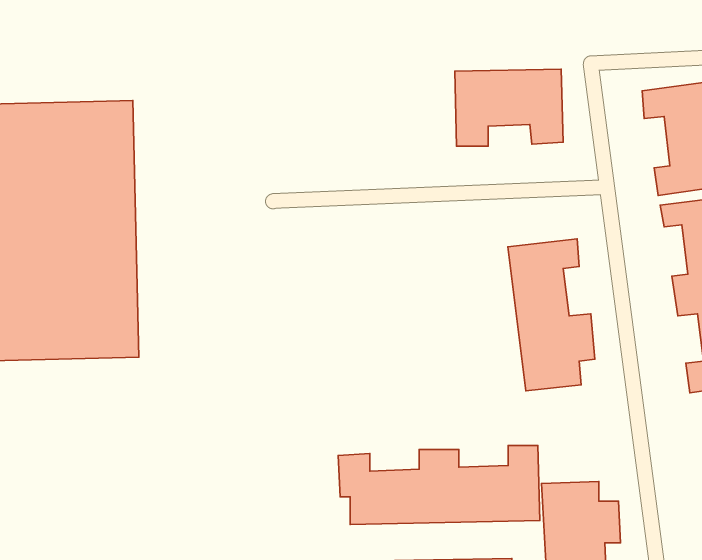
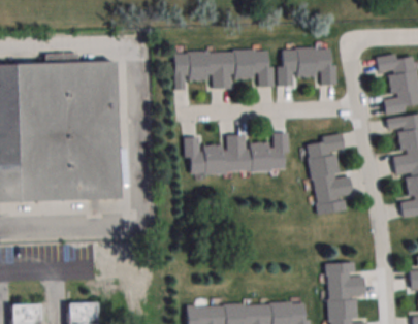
building: none -> [173,50,274,91]
building: [338,446,540,525] -> [184,132,289,173]

